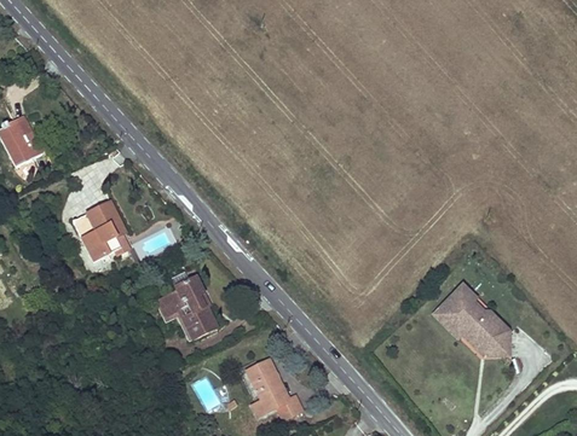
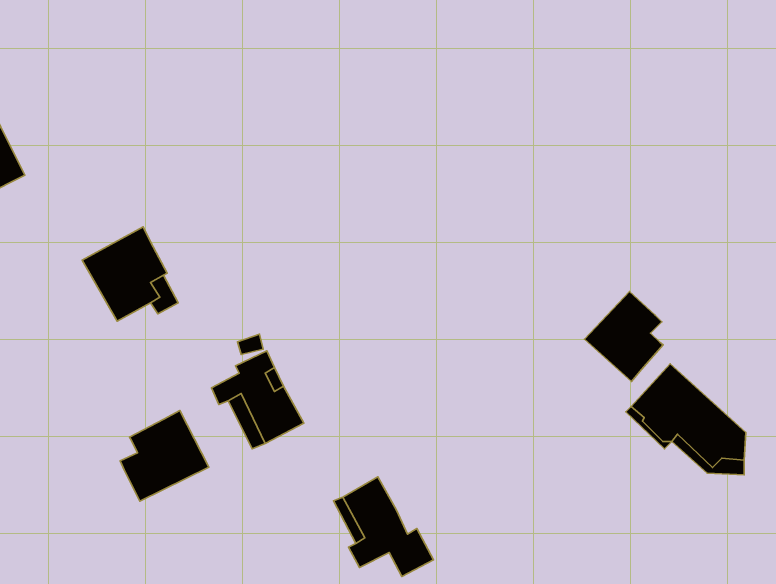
building: none -> [585,292,663,381]
building: none -> [120,410,209,501]

